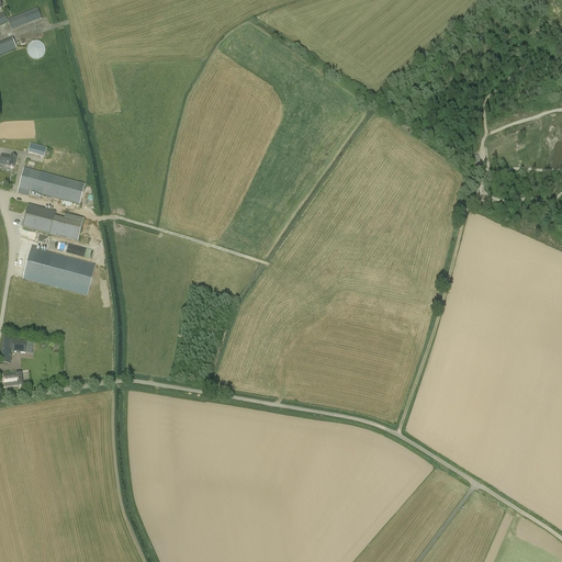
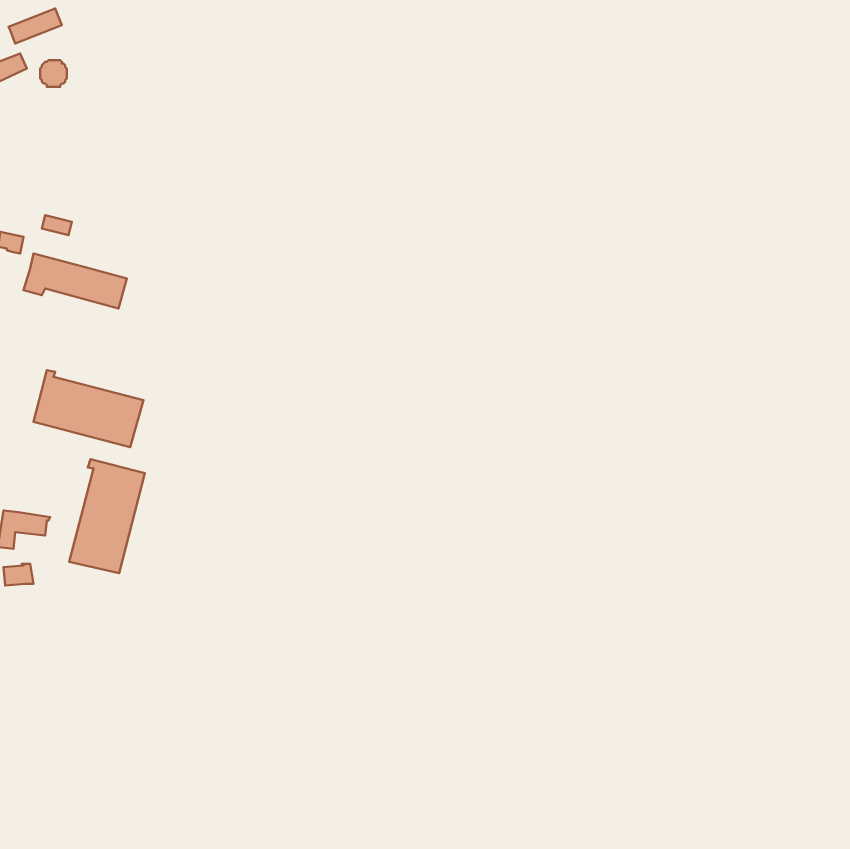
building: [21,203,82,240] -> none
building: none -> [69,459,145,573]

